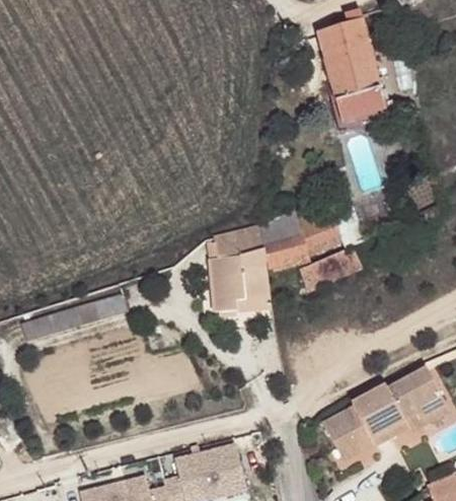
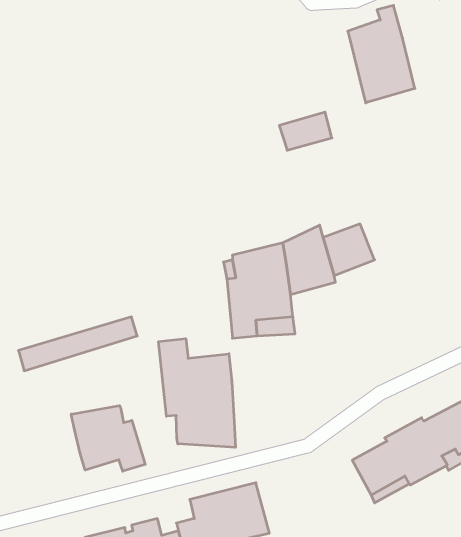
building: [336,86,384,121] -> [279,112,332,150]
building: [299,245,361,291] -> none
building: none -> [159,339,235,447]
building: none -> [71,406,145,471]

